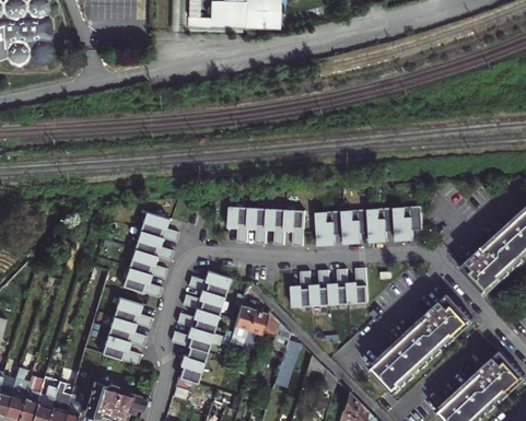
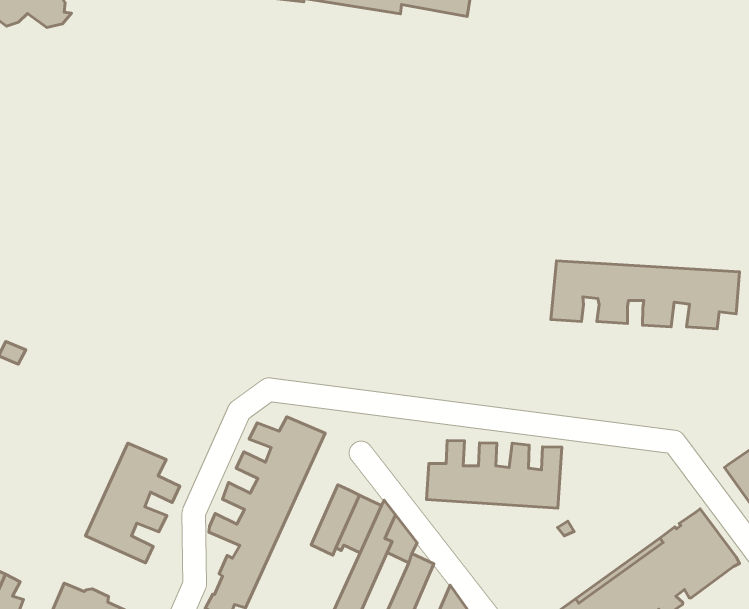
building: [316,206,422,246] -> [551,261,740,329]
building: [227,207,304,247] -> none
building: [121,211,178,296] -> none

